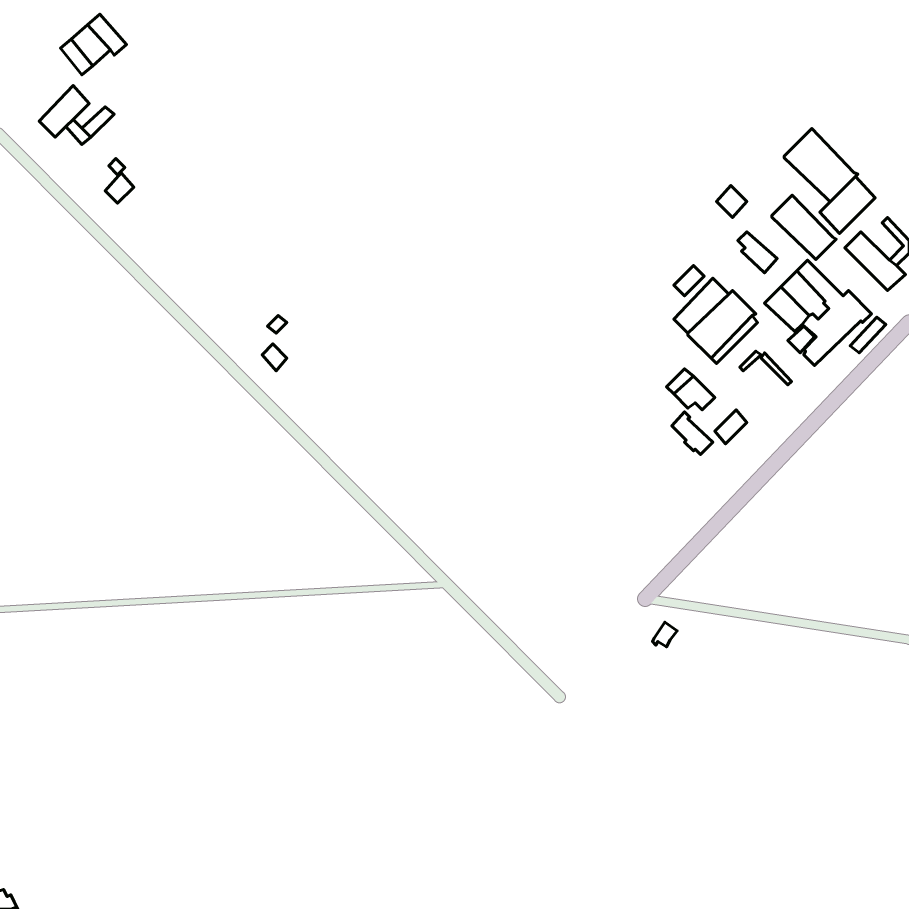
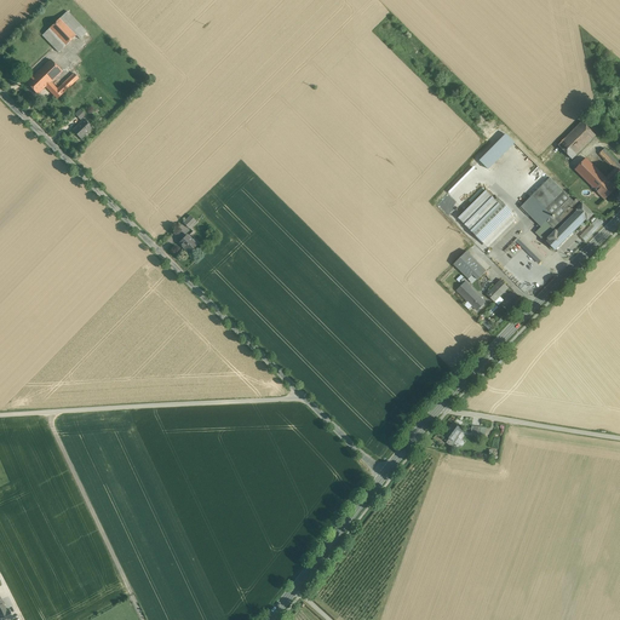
building: [784,128,858,202] -> none
building: [772,195,836,260] -> none

